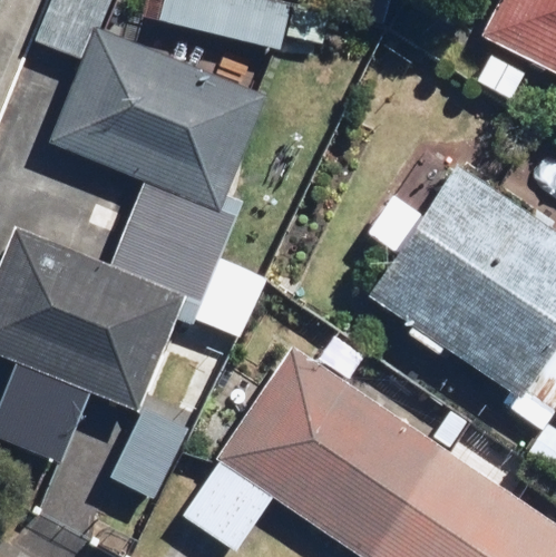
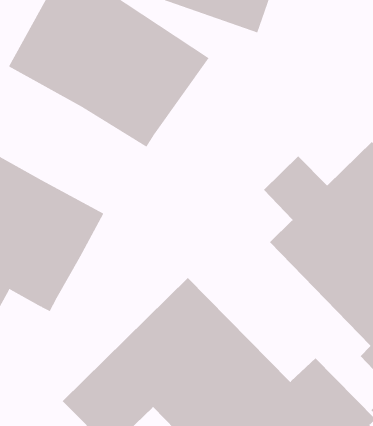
building: [110,178,269,365] -> none

